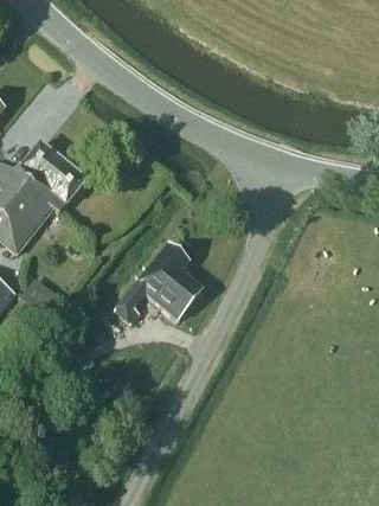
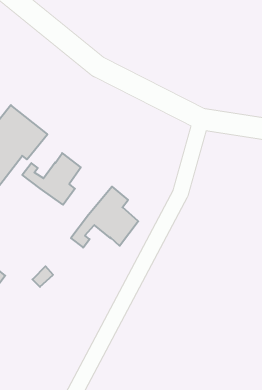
building: none -> [22,153,81,205]

